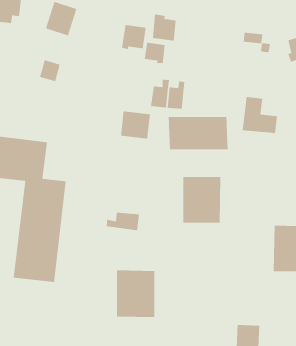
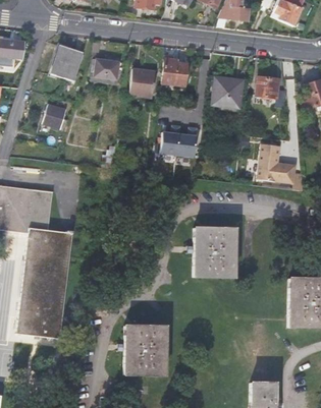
building: none -> [91,58,121,84]
building: none -> [213,77,243,105]
building: [144,42,165,64] -> none
building: [120,111,150,140] -> none
building: [168,116,228,150] -> none
building: [106,212,140,231] -> none

